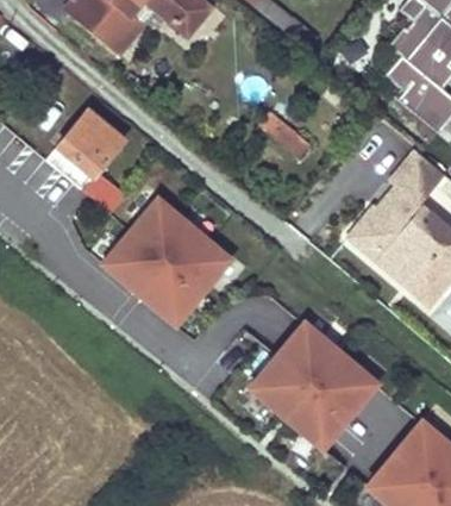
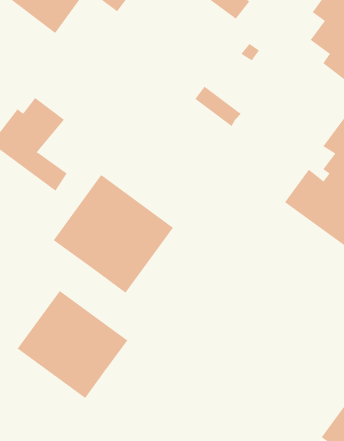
building: none -> [17,290,128,399]
building: [252,323,378,448] -> none

